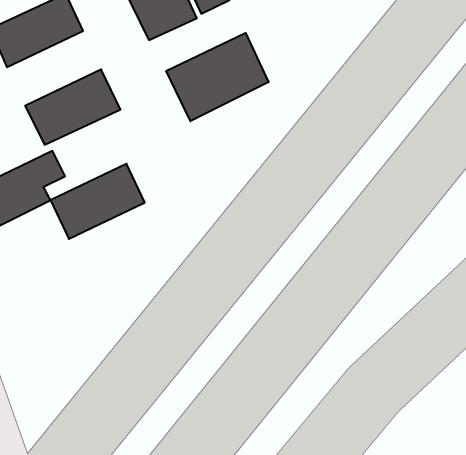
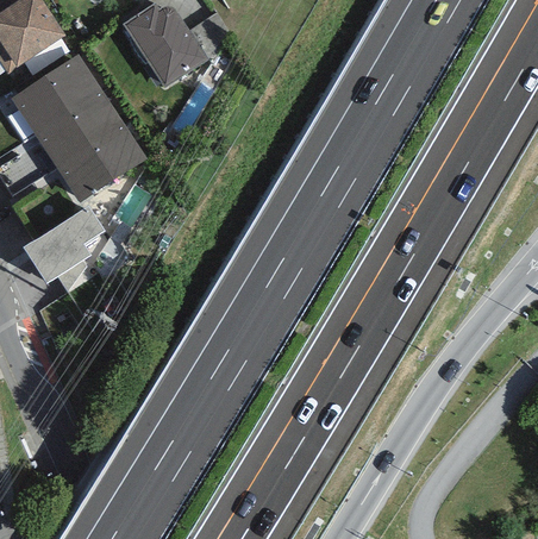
building: [166,33,269,121] -> none
building: [50,164,145,239] -> [32,87,123,167]

